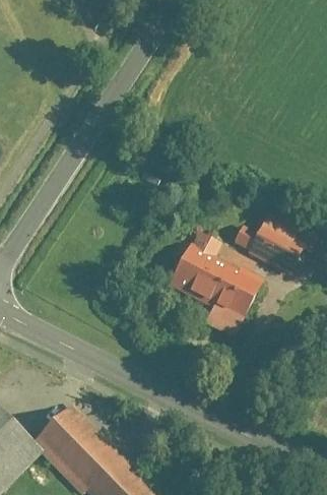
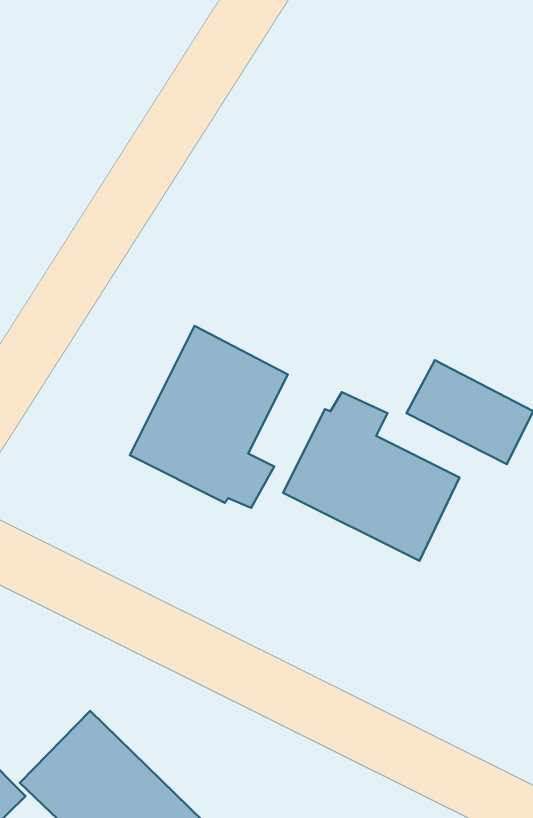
building: none -> [130,326,288,508]

